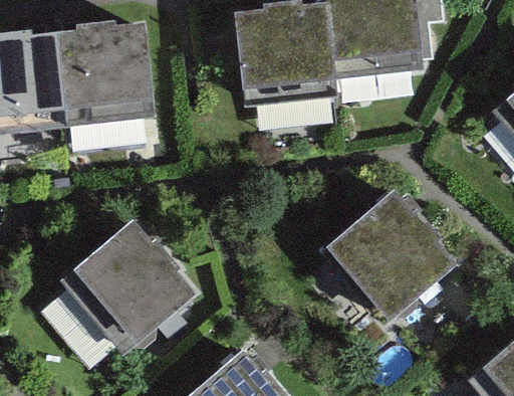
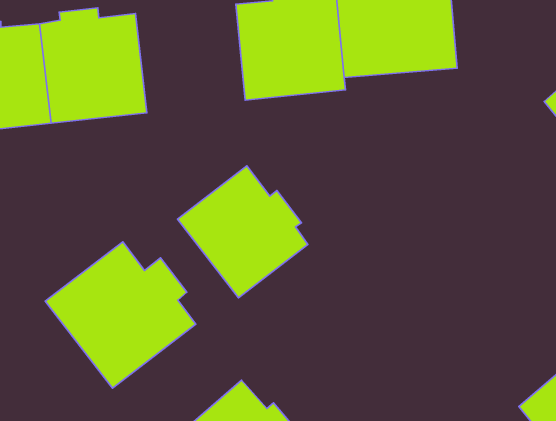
building: none -> [177,166,308,298]
building: [324,198,456,329] -> none

